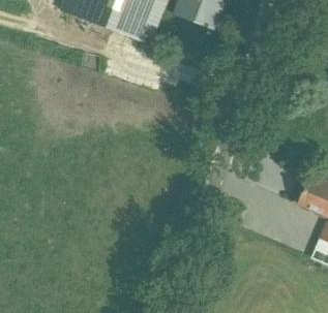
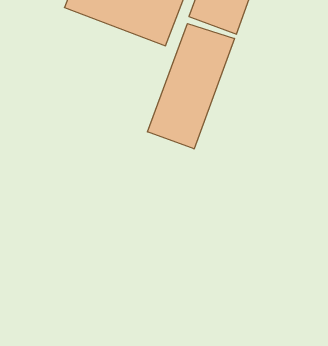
building: none -> [147,24,234,149]

